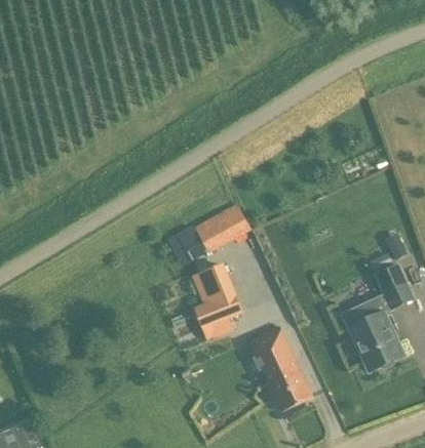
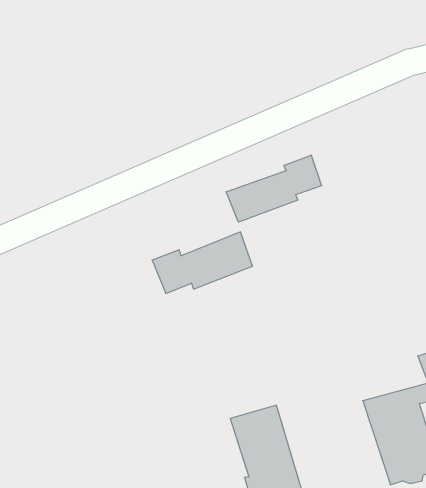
building: none -> [226,155,322,222]
building: [191,261,244,330] -> none

